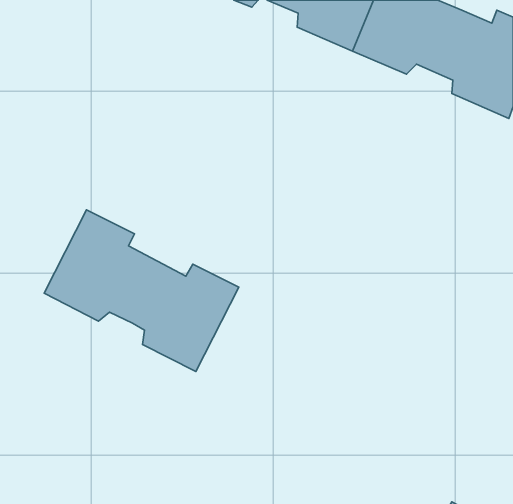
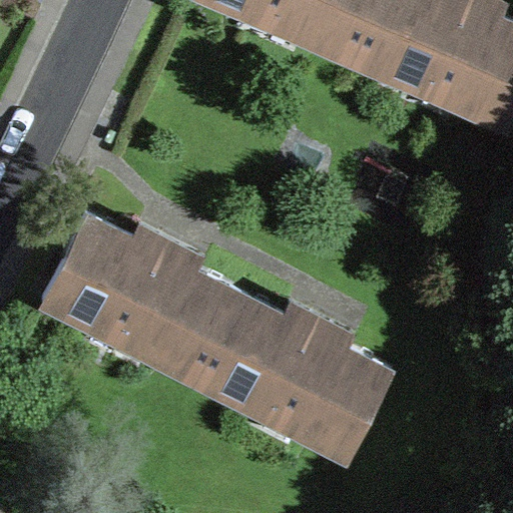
building: none -> [195,296,391,457]

